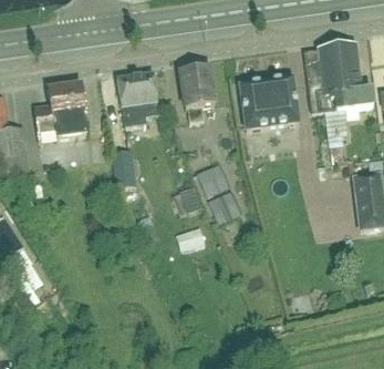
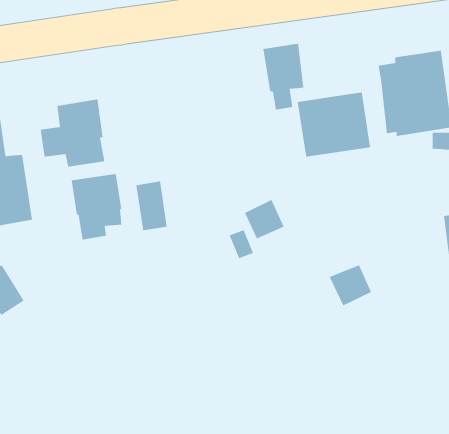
building: [178,66,211,120] -> [263,43,304,110]
building: [115,71,156,124] -> [71,173,122,240]
building: [206,188,240,222] -> [329,264,372,306]

